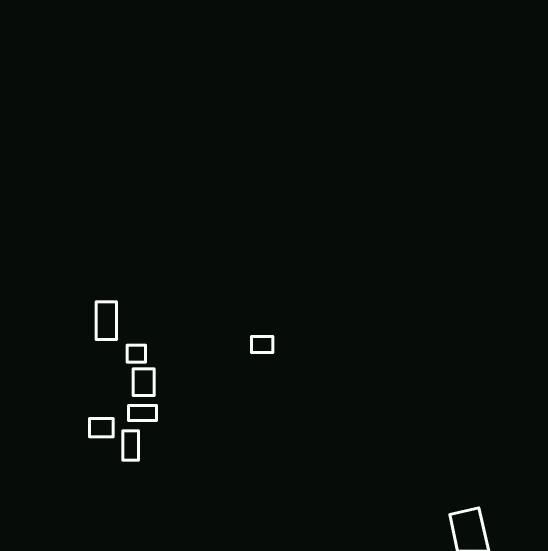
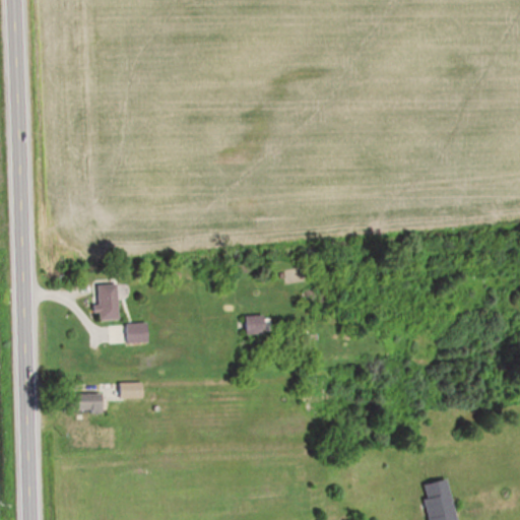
building: [133,369,154,396] -> none
building: [123,431,138,460] -> none

